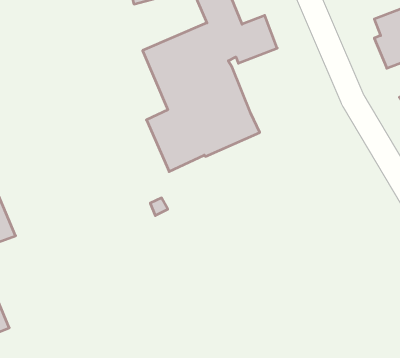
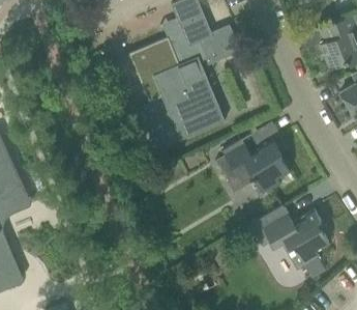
building: none -> [215,139,290,194]
building: none -> [249,204,329,267]

